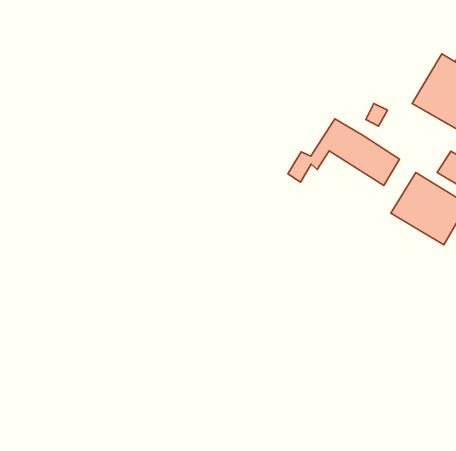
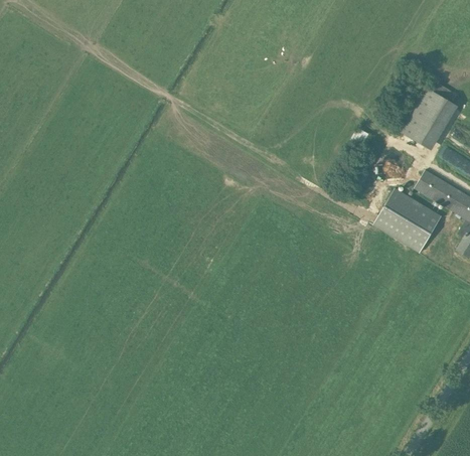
building: [288,119,399,186] -> none

